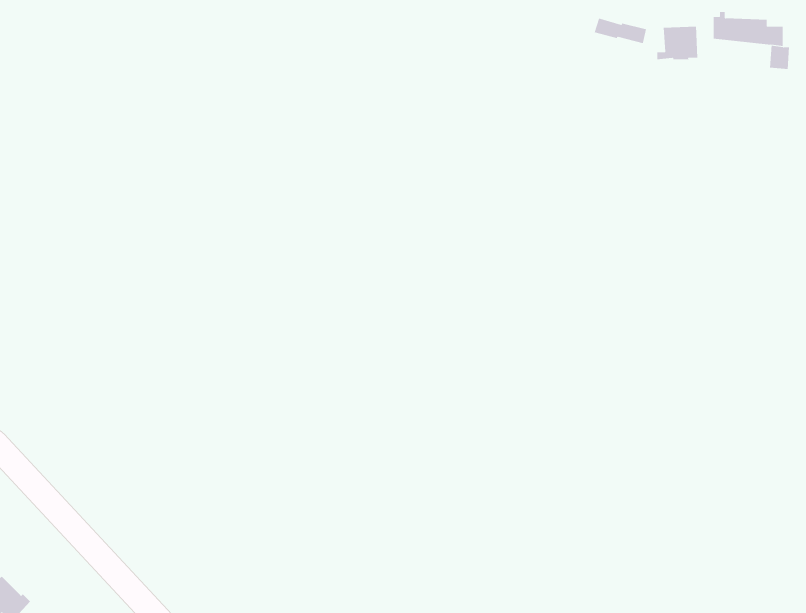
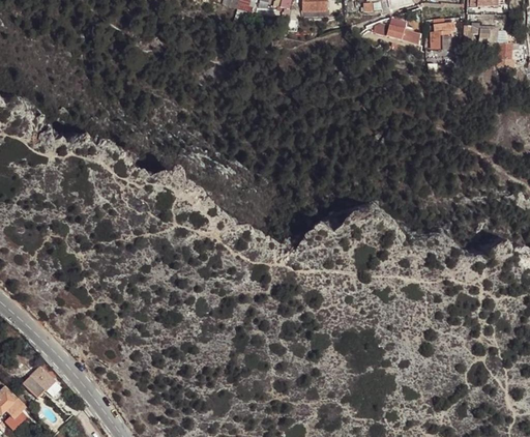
building: none -> [24,362,57,397]

